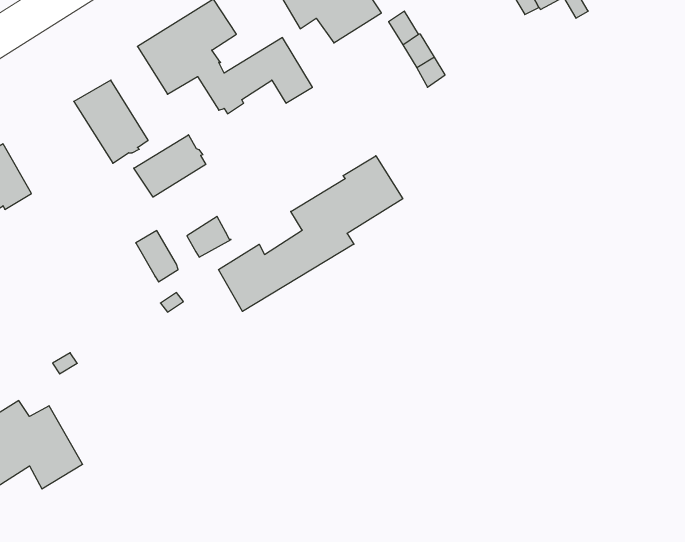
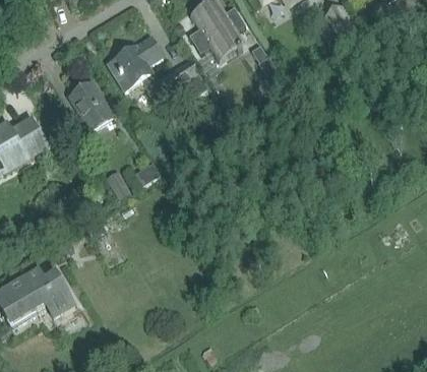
building: [134,135,206,197] -> none
building: [219,156,403,311] -> none

